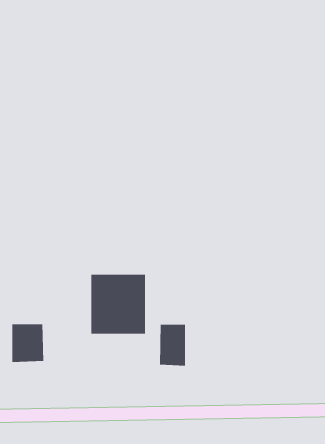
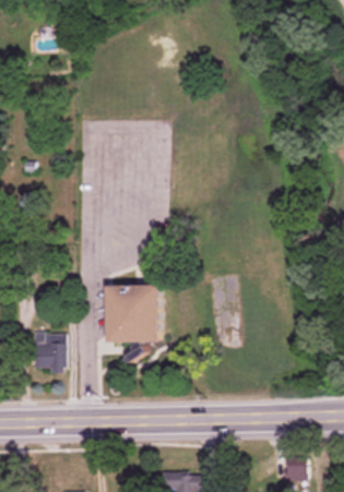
building: [159,324,185,367] -> none

